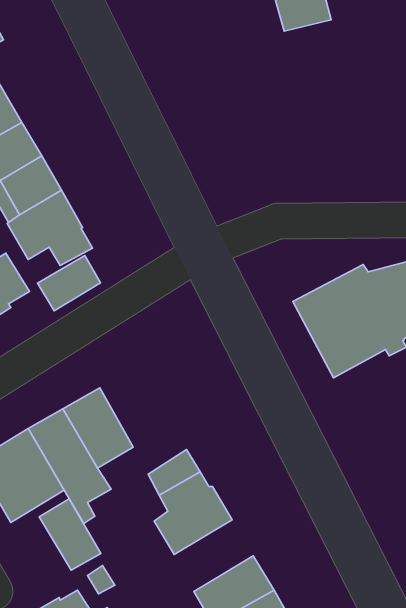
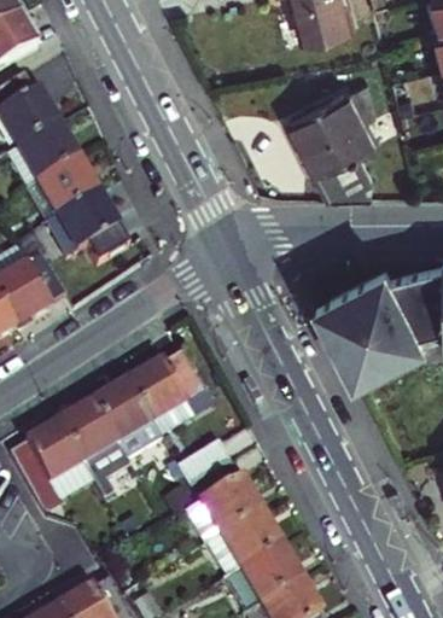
building: none -> [290,84,379,193]
building: [38,256,100,311] -> none
building: none -> [128,363,200,444]
building: [39,499,101,570] -> none
building: none -> [200,515,278,585]

